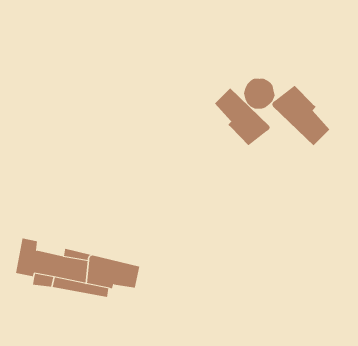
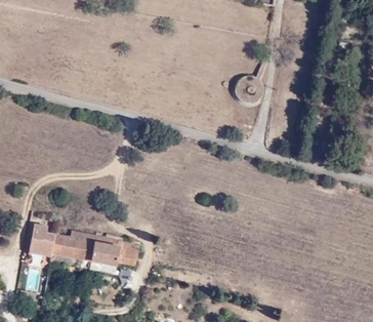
building: [272,85,330,146] -> none
building: [214,88,270,146] -> none

